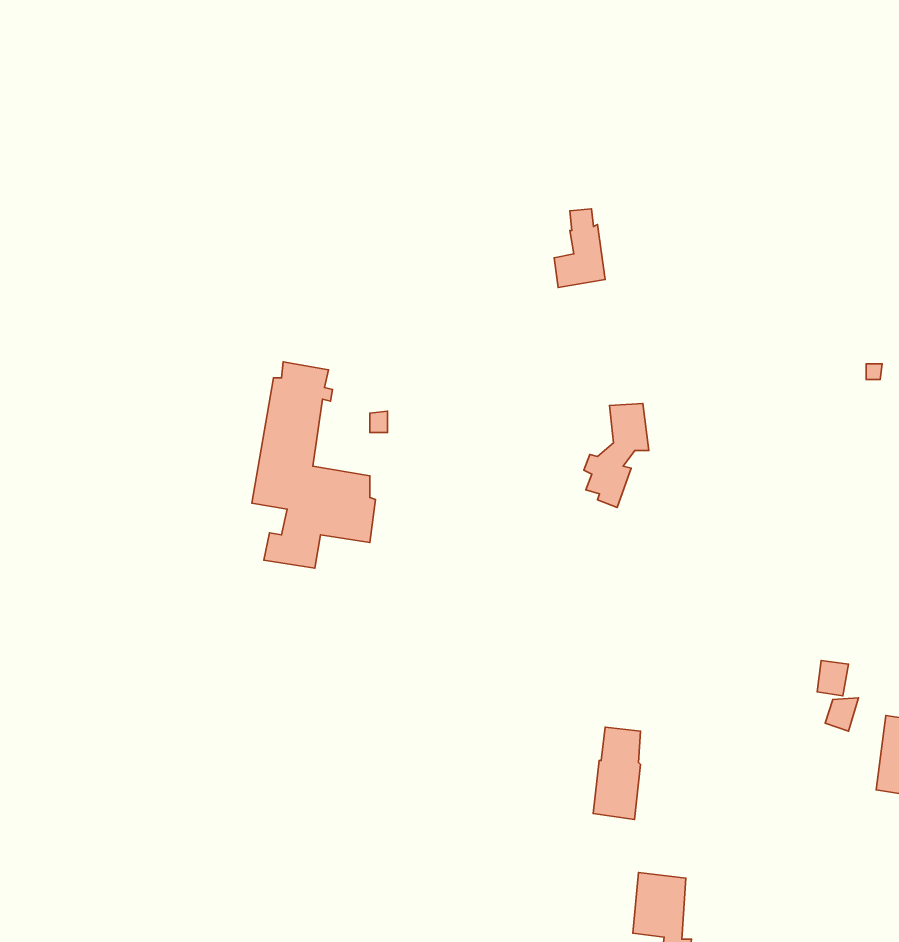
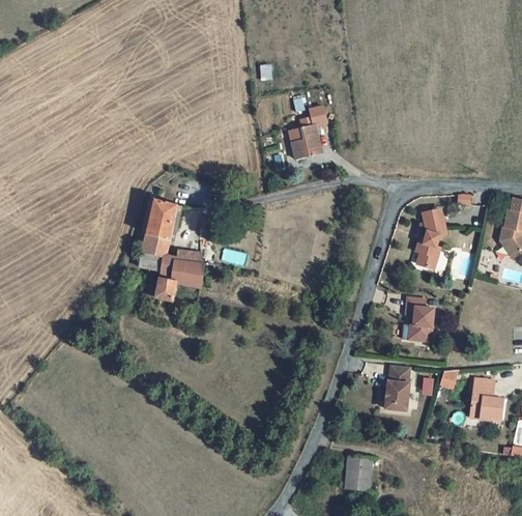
building: [584,403,649,508] -> [413,210,447,265]
building: none -> [408,297,437,342]
building: [593,727,640,819] -> [384,368,409,417]

